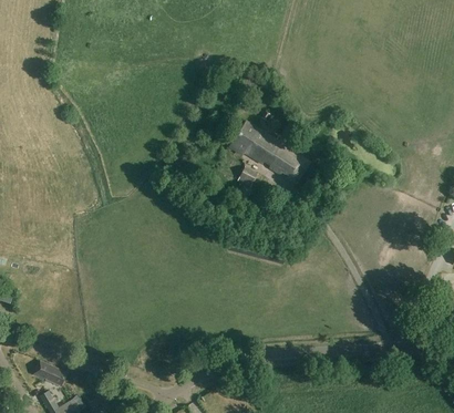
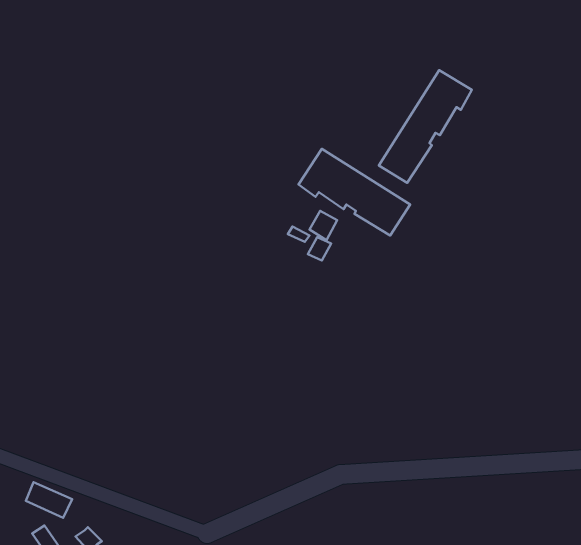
building: none -> [379,70,472,183]

